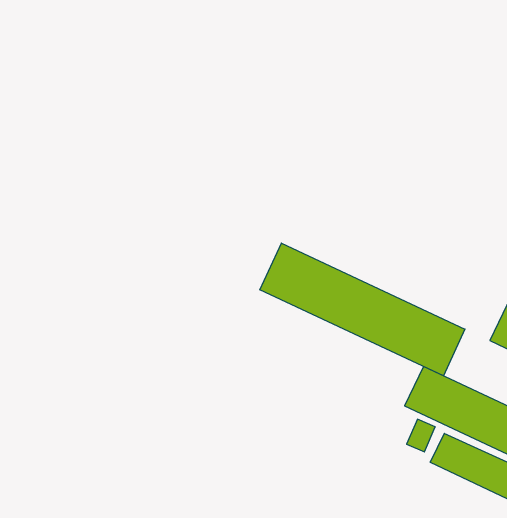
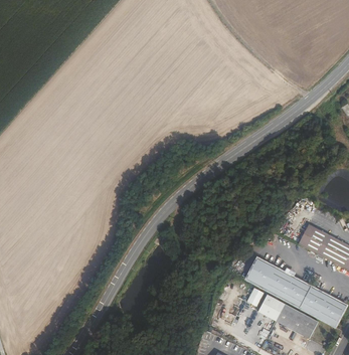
building: [260,243,465,376] -> none

